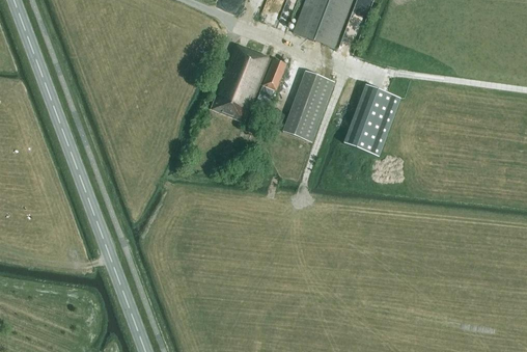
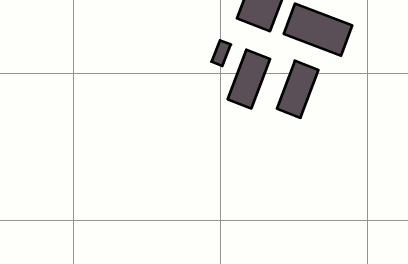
building: none -> [284,4,352,56]
building: [212,45,272,123] -> none

